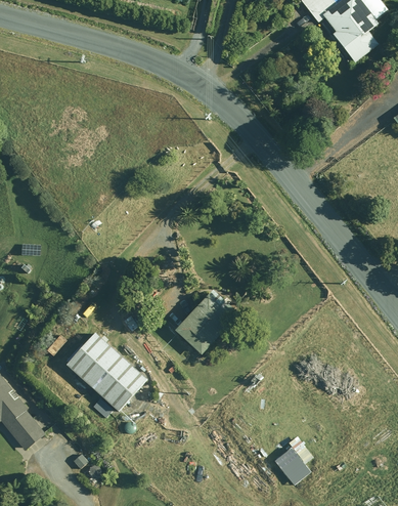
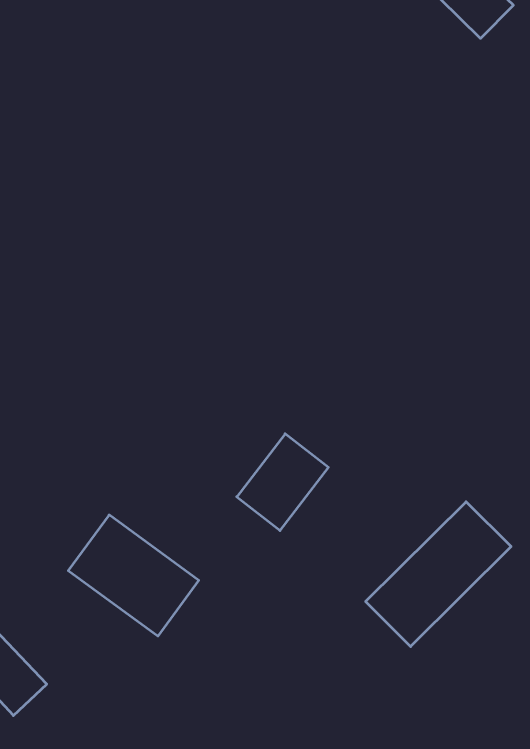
building: none -> [366,502,511,647]
building: [278,438,311,479] -> none

